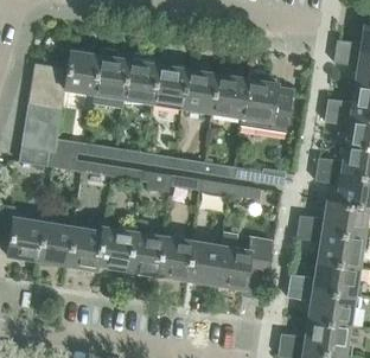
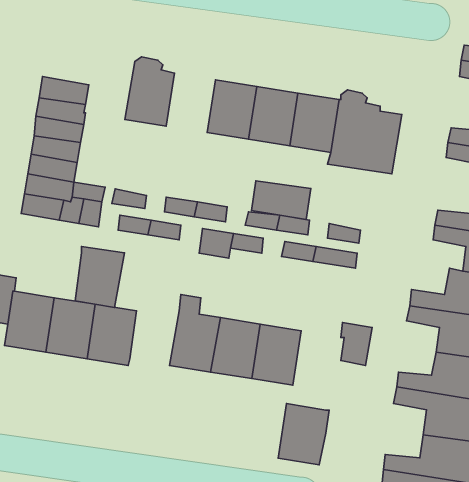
building: [65,50,101,94] -> none
building: [125,60,160,103] -> none
building: none -> [251,181,311,219]
building: [98,226,134,270] -> [75,246,124,307]
building: [216,245,253,289] -> [278,404,329,465]

